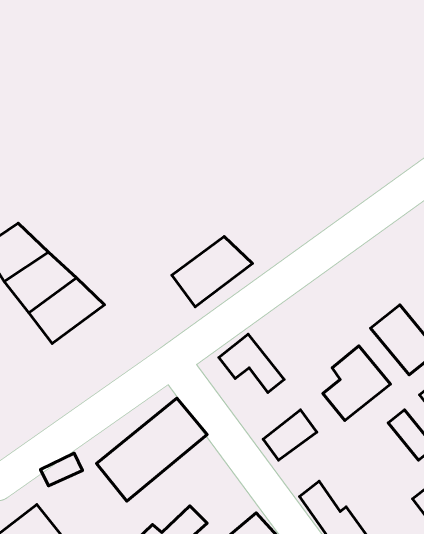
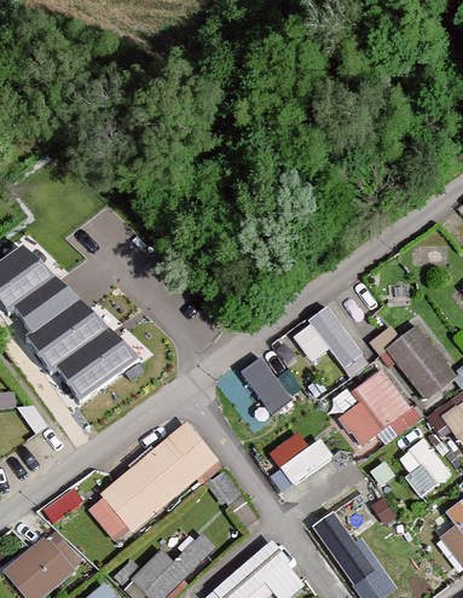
building: [172,237,252,307] -> [57,329,140,401]
building: none -> [287,309,359,368]

